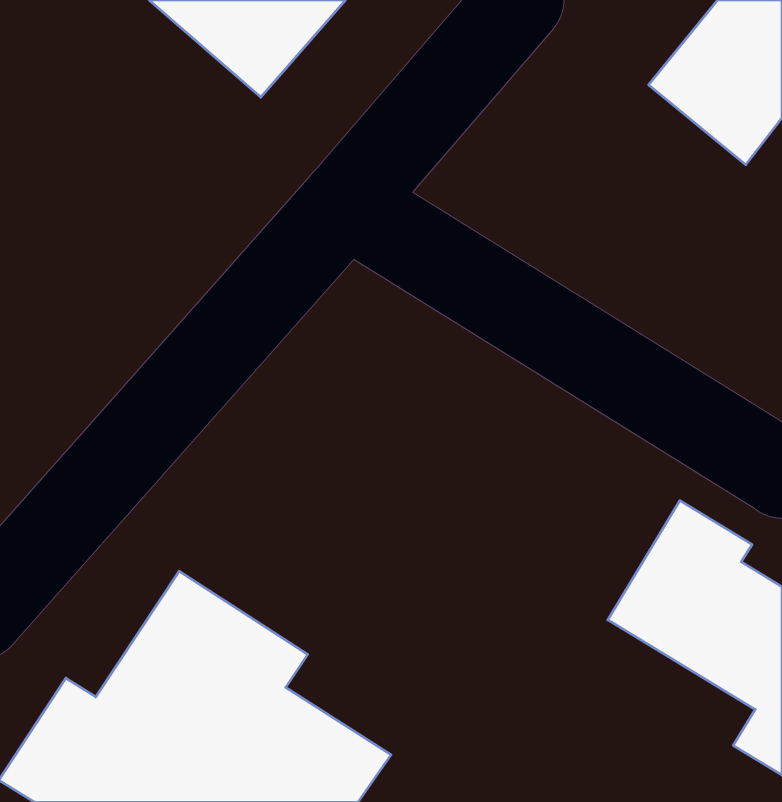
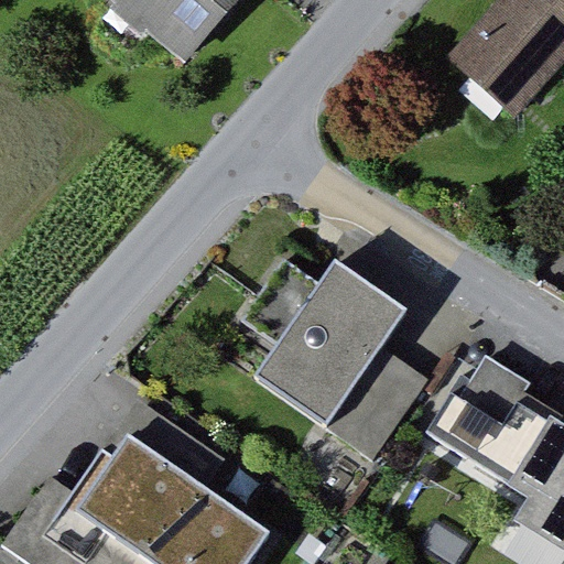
building: none -> [238,259,426,455]

